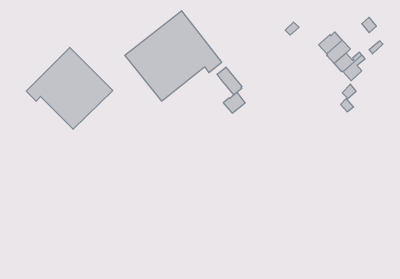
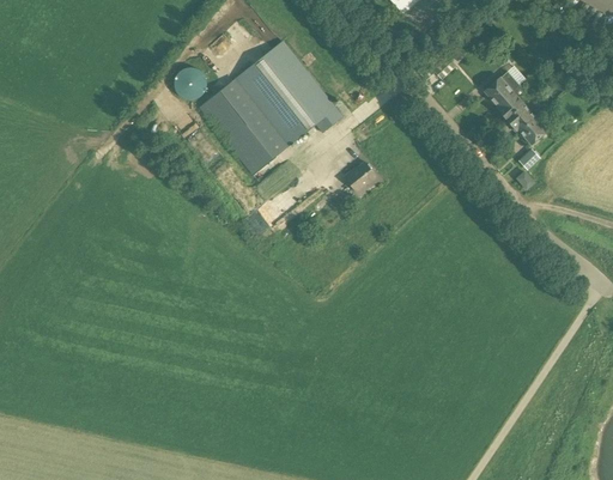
building: none -> [170,67,205,101]
building: [26,47,113,129] -> none
building: [217,67,242,95] -> none

